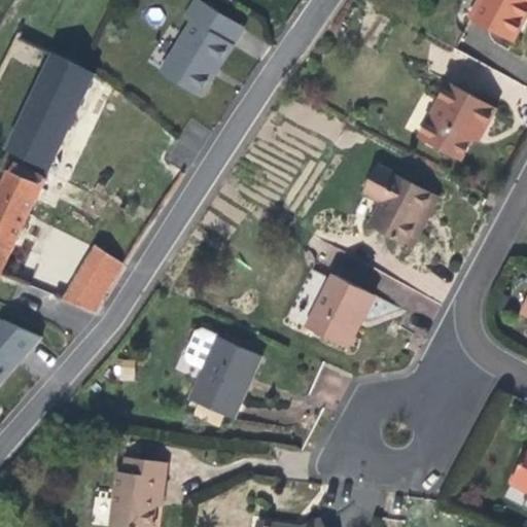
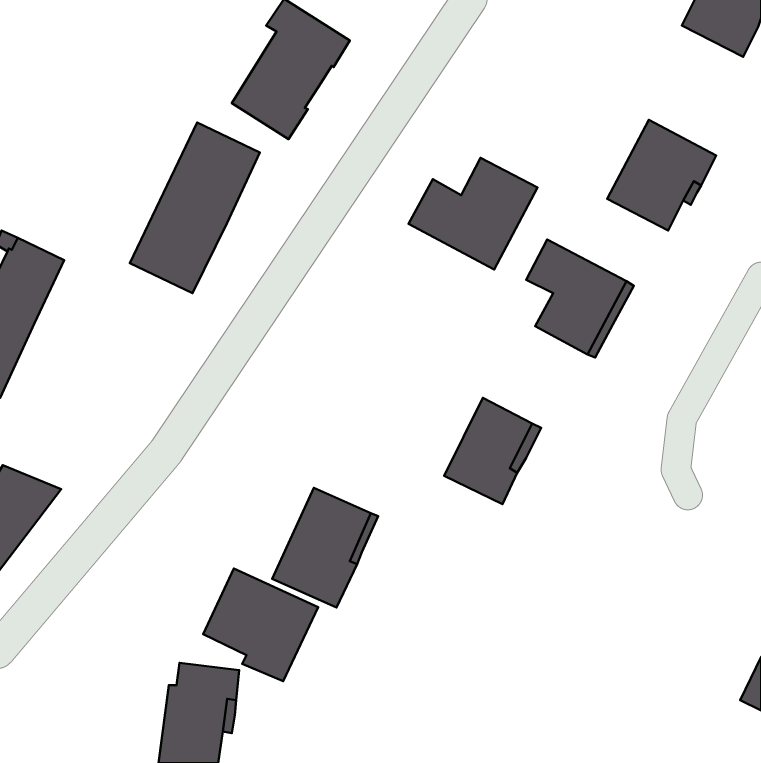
building: [5,52,95,170] -> [130,123,260,293]
building: none -> [409,158,538,269]
building: [66,248,124,313] -> none
building: none -> [203,569,318,681]

